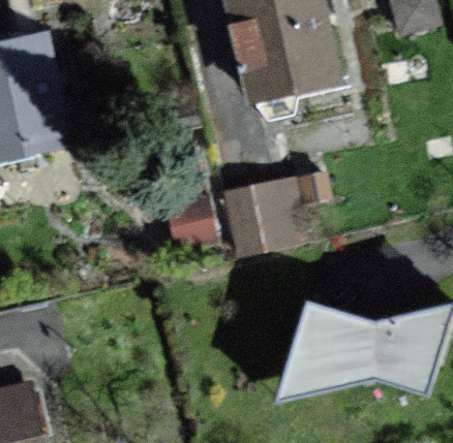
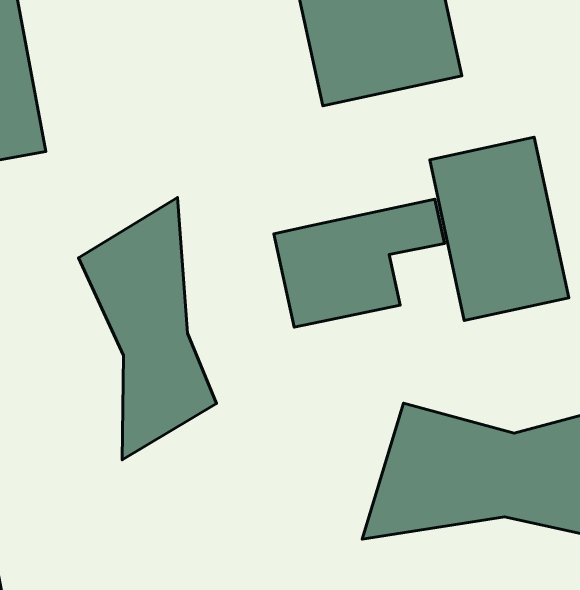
building: none -> [430,137,569,321]
building: none -> [79,198,217,460]

